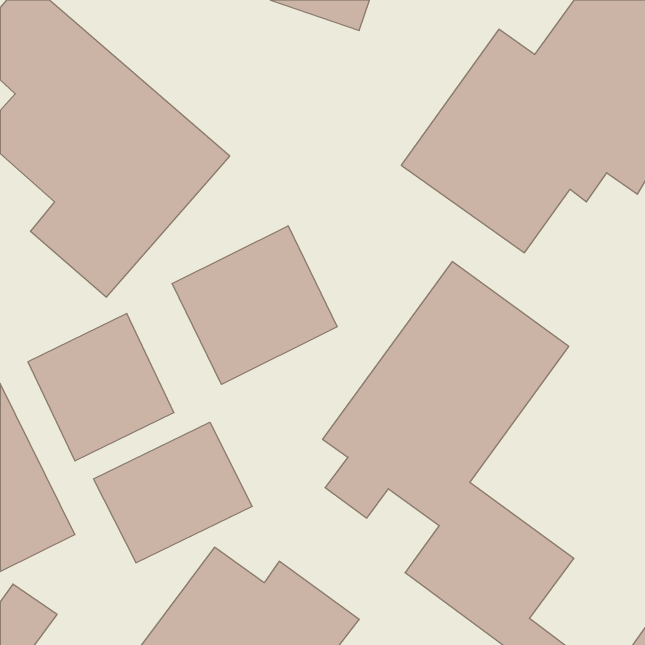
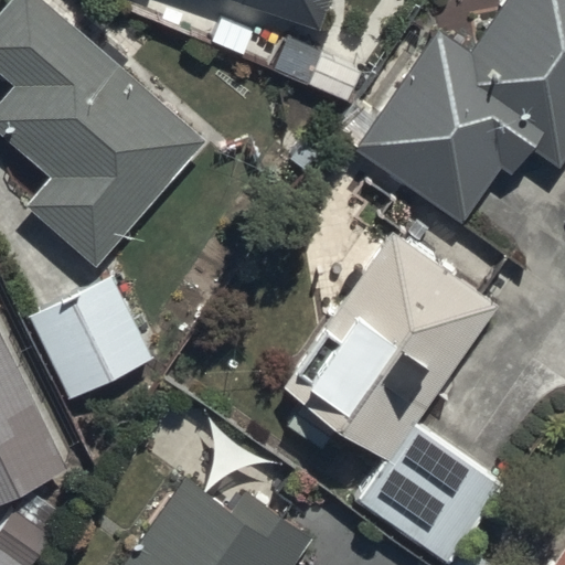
building: [172,226,337,384] -> none
building: [94,422,252,563] -> none

